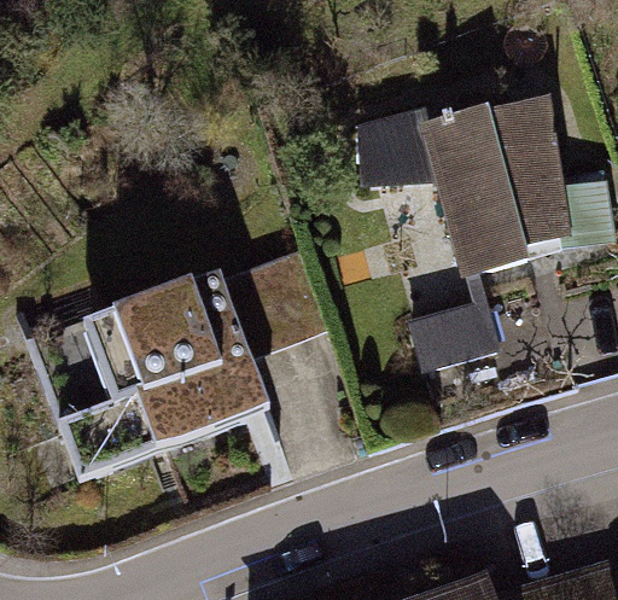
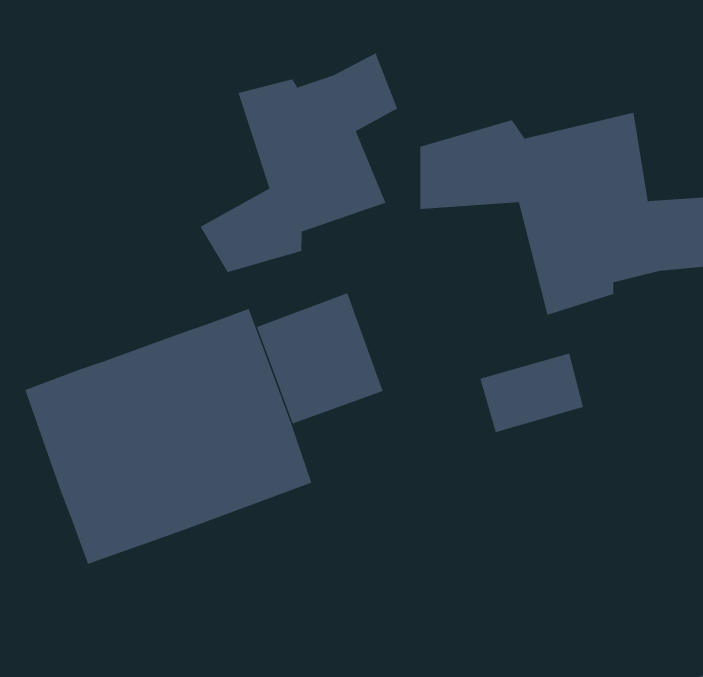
building: none -> [200,53,398,273]

